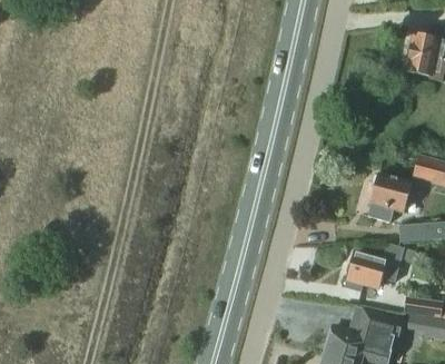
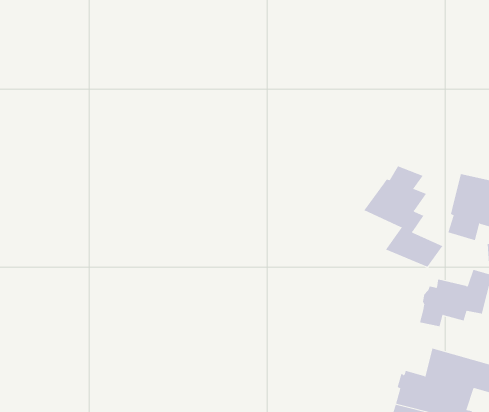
building: none -> [364,166,443,268]

